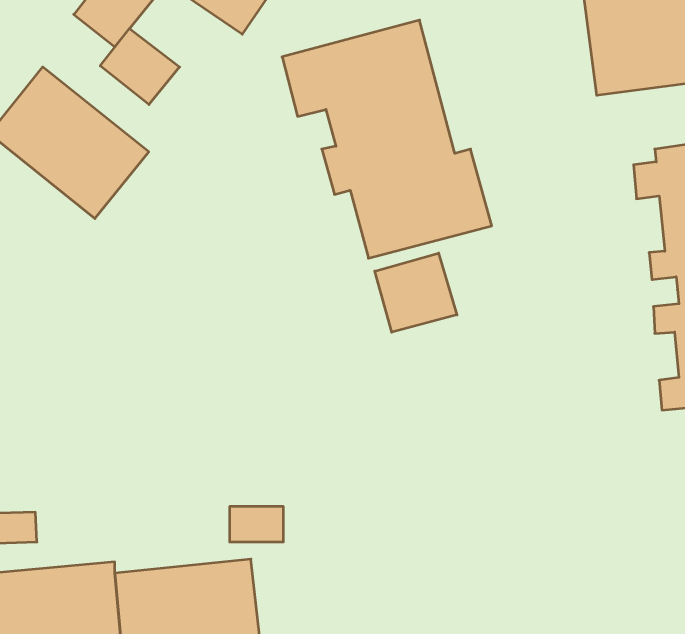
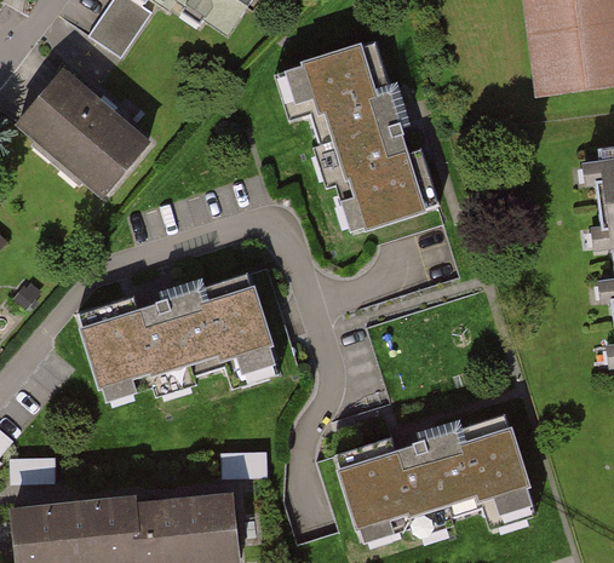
building: [100,28,180,105] -> none
building: [375,253,457,332] -> none
building: none -> [74,268,288,403]
building: none -> [327,413,544,545]

